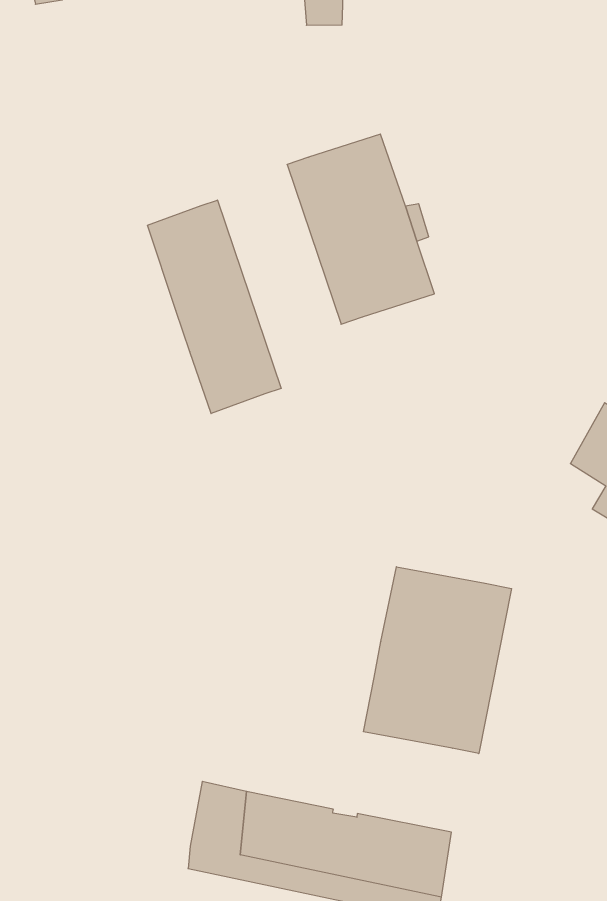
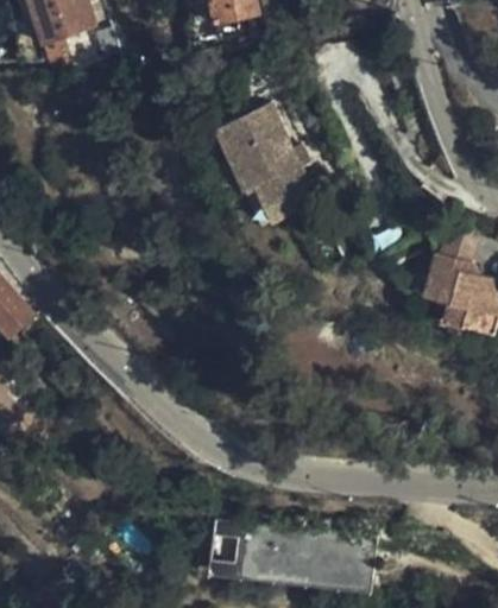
building: [147,200,281,414] -> none
building: [364,567,512,754] -> none

